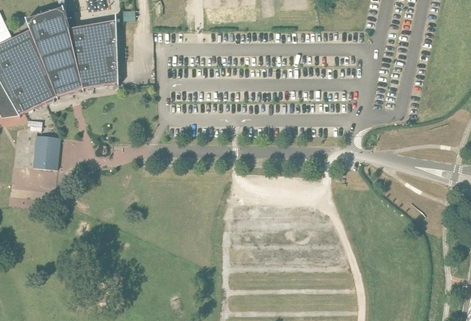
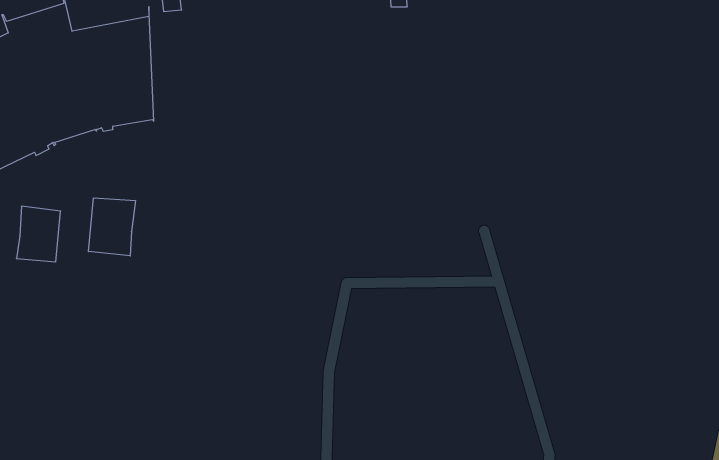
building: none -> [89,198,135,256]

